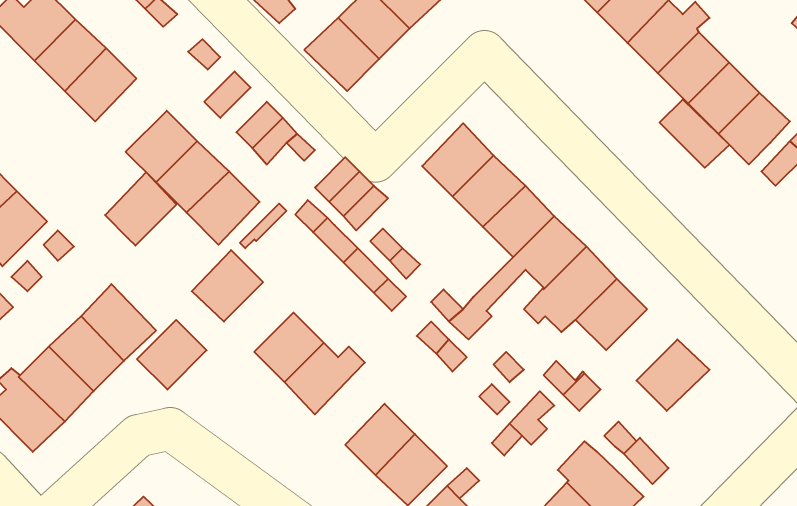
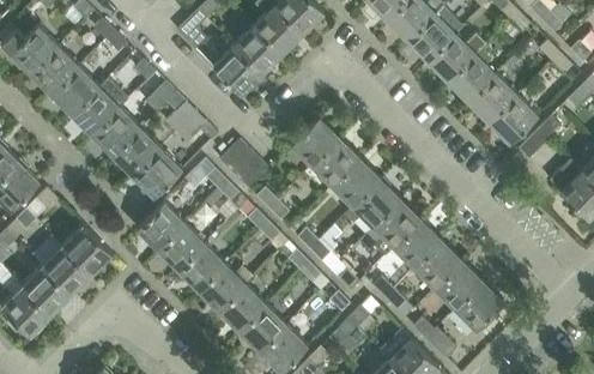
building: [660,99,730,168] -> none
building: [105,172,176,246] -> [72,86,120,135]
building: none -> [414,241,462,289]
building: [137,320,207,390] -> [158,223,205,270]
building: none -> [455,282,504,330]
building: none -> [219,284,266,332]

